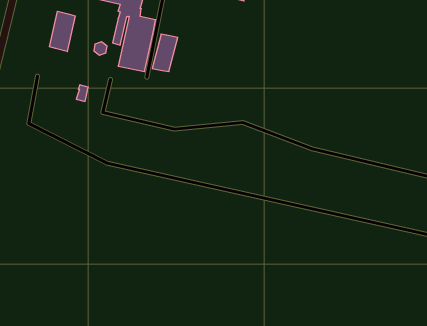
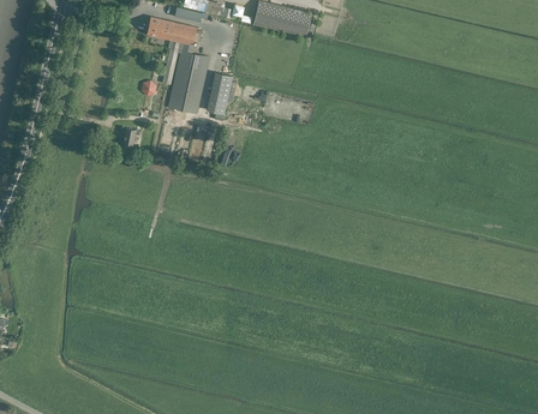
building: [50,11,75,52] -> none

